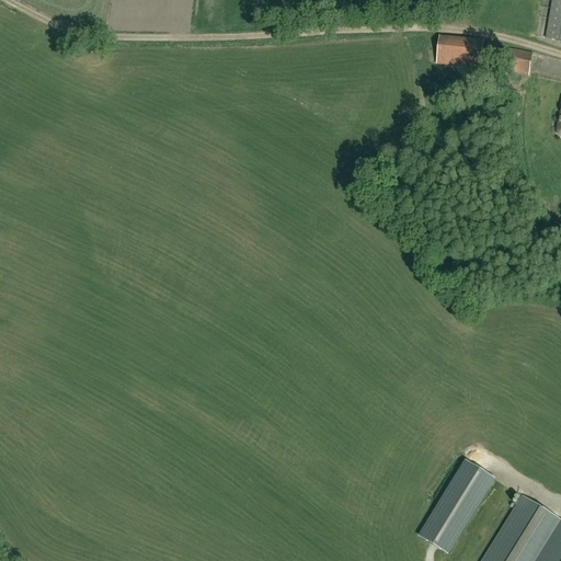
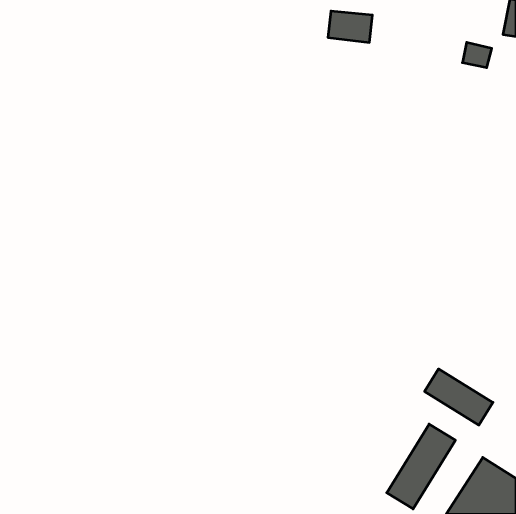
building: [436,34,484,68] -> [328,11,372,42]
building: none -> [425,369,493,425]

